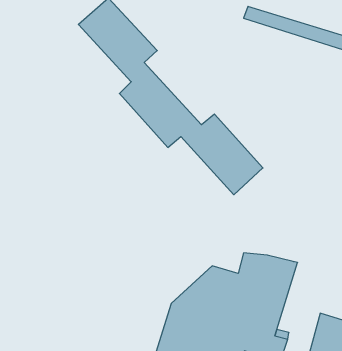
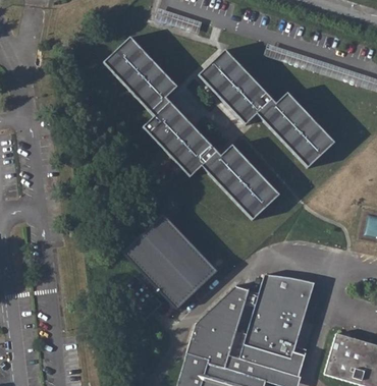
building: none -> [201,50,335,169]
building: none -> [113,213,215,319]

